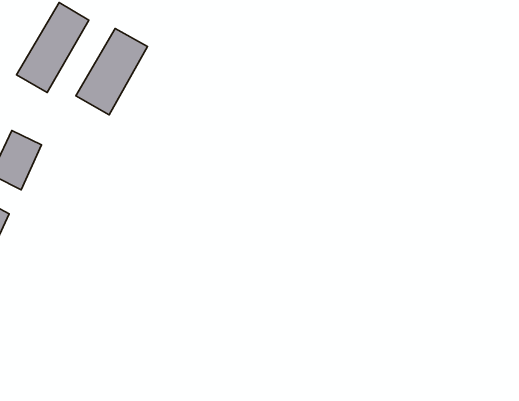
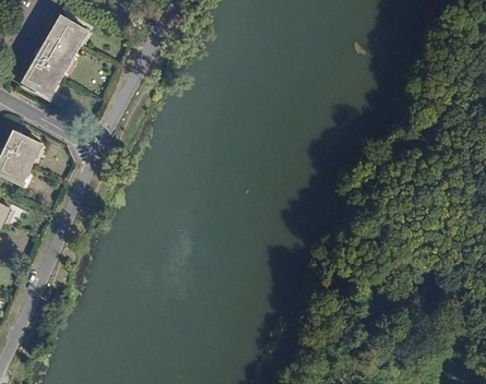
building: [76,28,147,115] -> none

